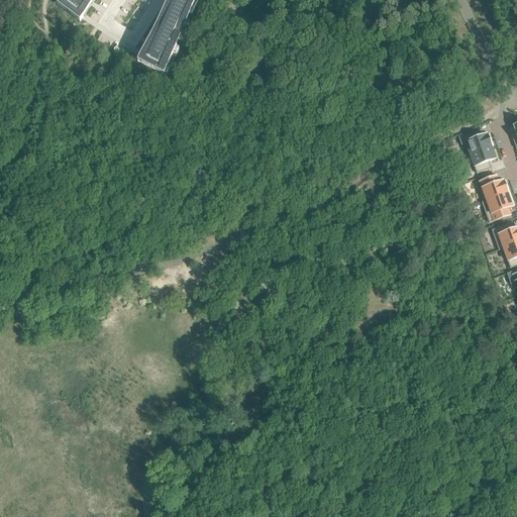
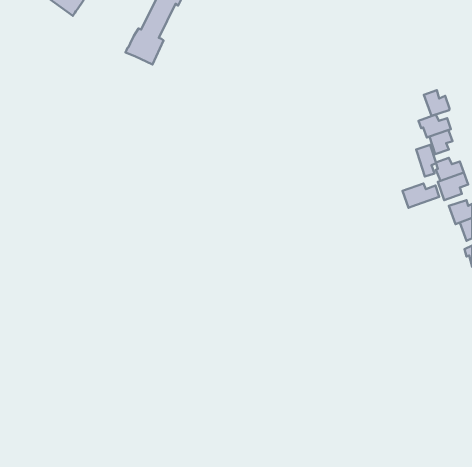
building: none -> [424,90,449,116]
building: none -> [416,145,436,176]
building: none -> [402,184,439,208]

